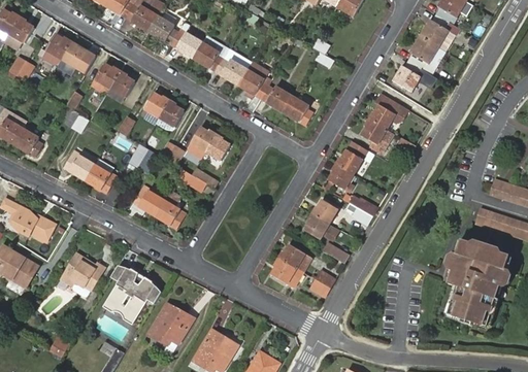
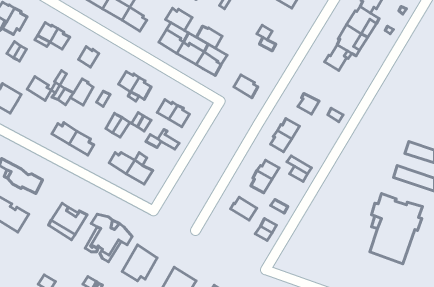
building: [170,31,202,58] -> [166,8,192,30]
building: [106,71,134,103] -> [70,79,93,105]
building: [261,84,292,111] -> [197,26,222,48]
building: [368,93,408,129] -> none
building: [13,128,42,157] -> [27,77,51,100]
building: [271,259,302,288] -> none

